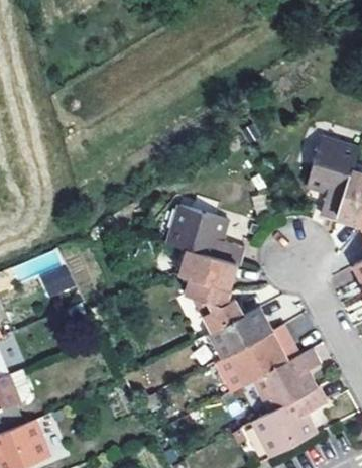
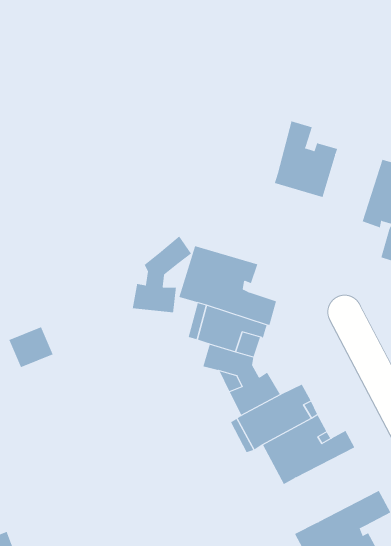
building: none -> [274,121,338,198]
building: none -> [132,235,192,313]
building: [254,350,321,414] -> none

